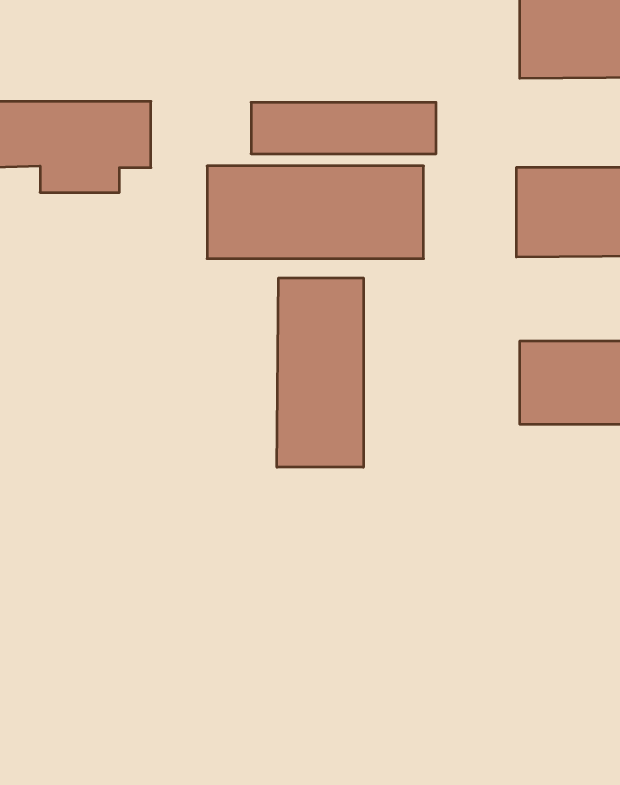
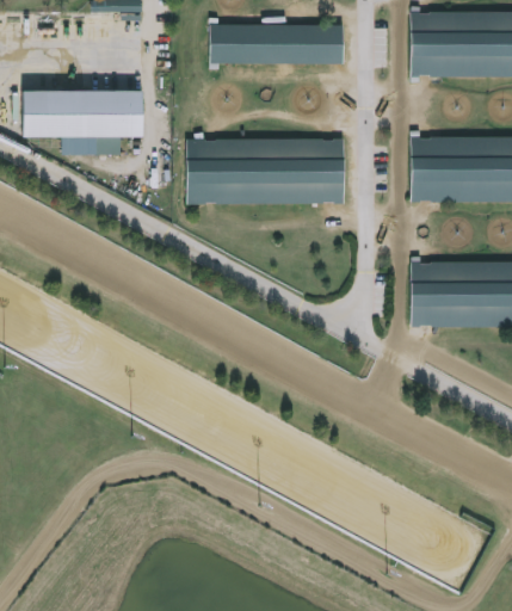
building: [251,102,436,154] -> [209,26,343,63]
building: [277,278,363,467] -> none

